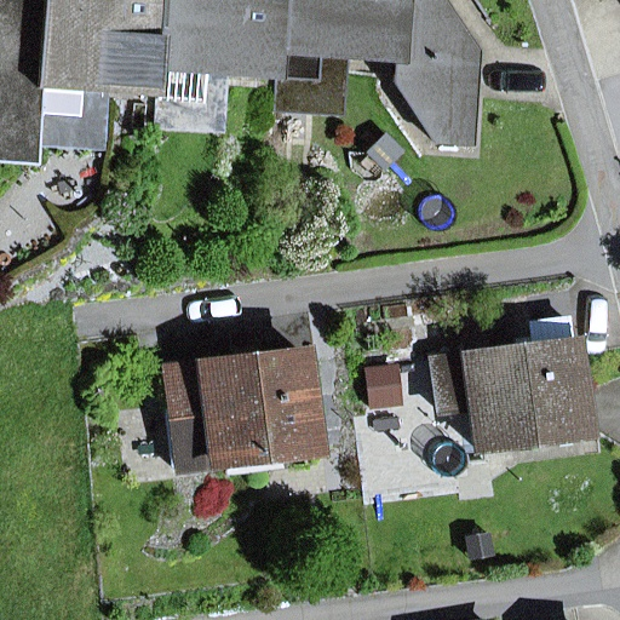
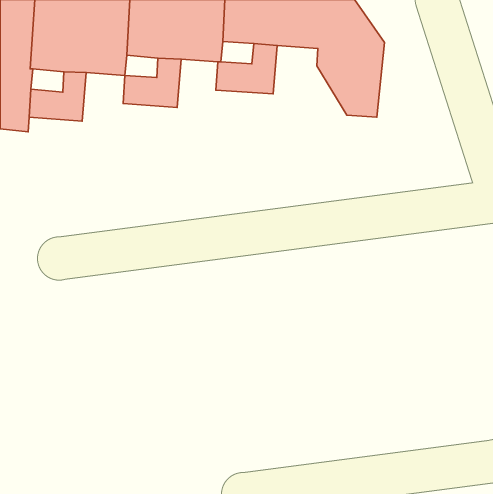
building: [434,321,587,449] -> none
building: [166,346,316,466] -> none

